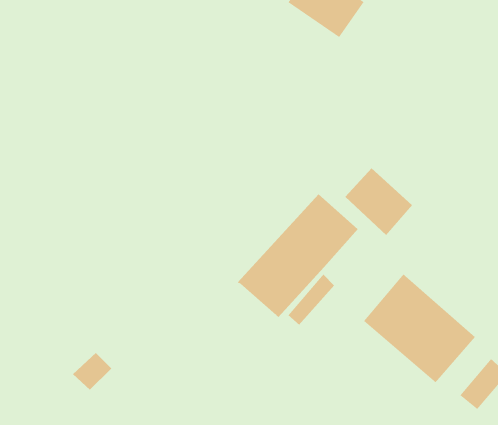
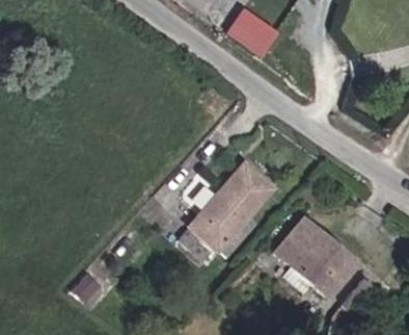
building: [345,167,413,236] -> none

